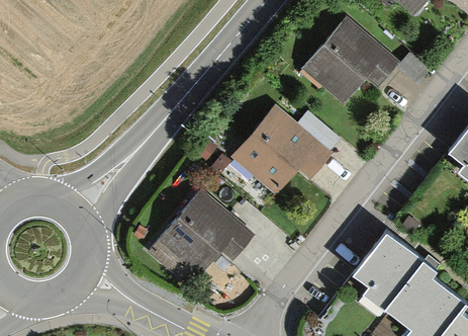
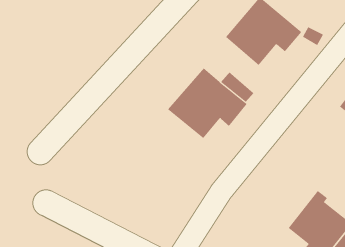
building: [148,187,256,278] -> none
building: [351,232,420,308] -> none

